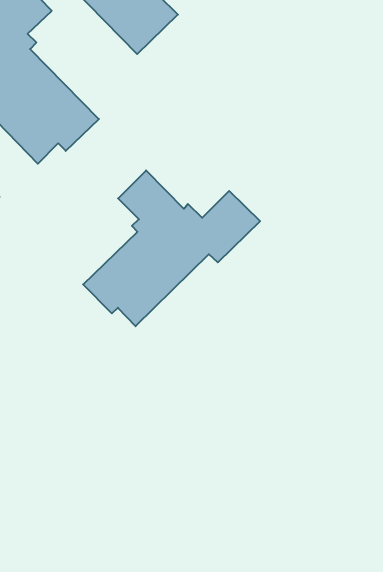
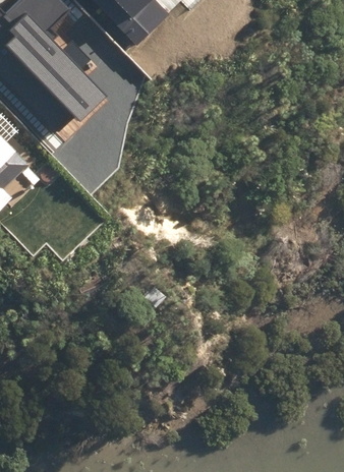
building: [83,170,260,326] -> none

